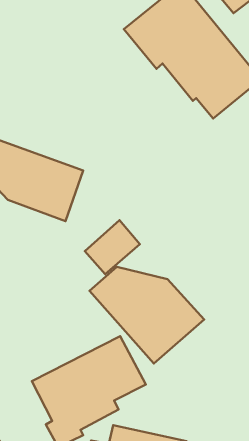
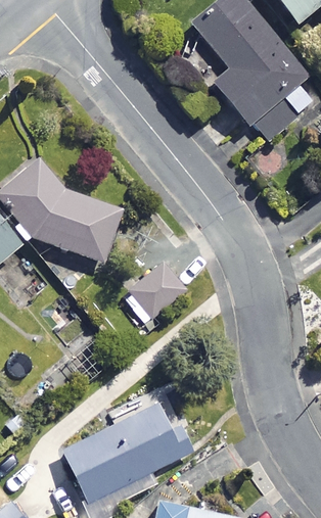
building: [89,267,204,363] -> none

